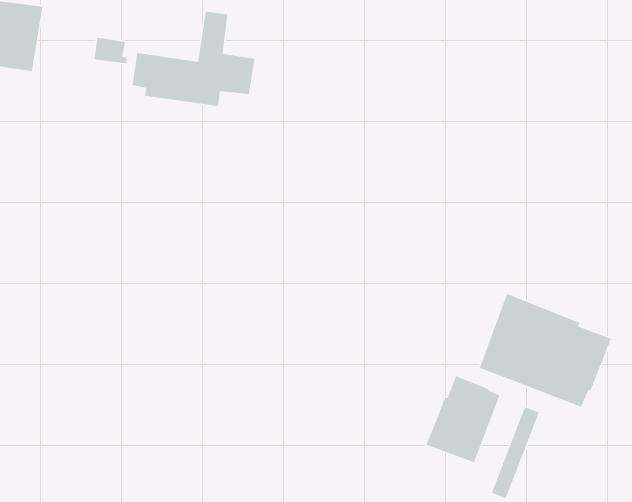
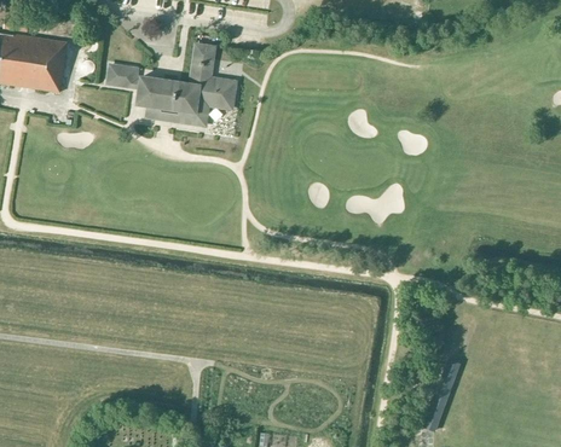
building: [479,293,612,408] -> none
building: [425,375,501,463] -> none

